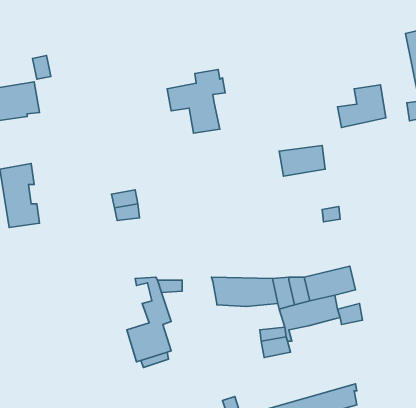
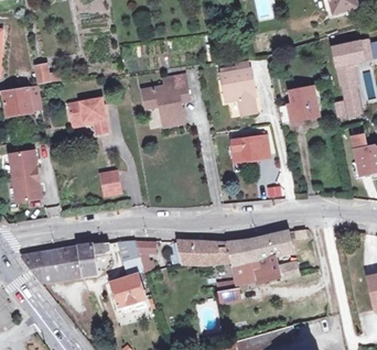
building: none -> [219,67,256,114]
building: none -> [68,98,107,133]
building: none -> [21,242,111,282]

